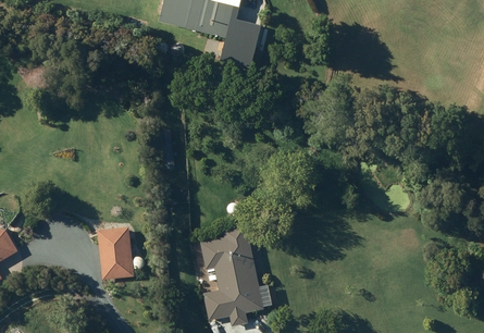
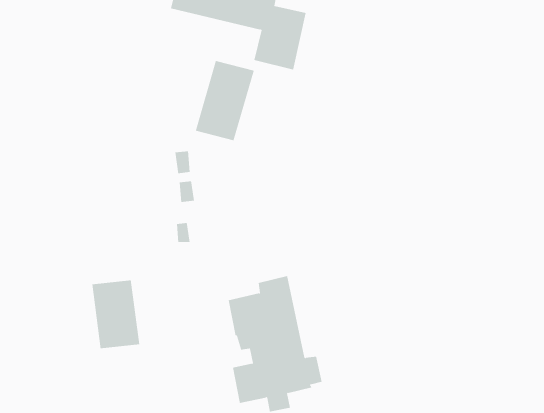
building: none -> [195,60,255,141]

